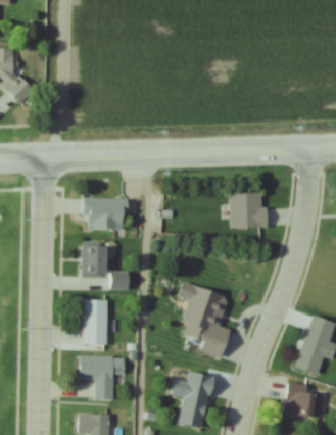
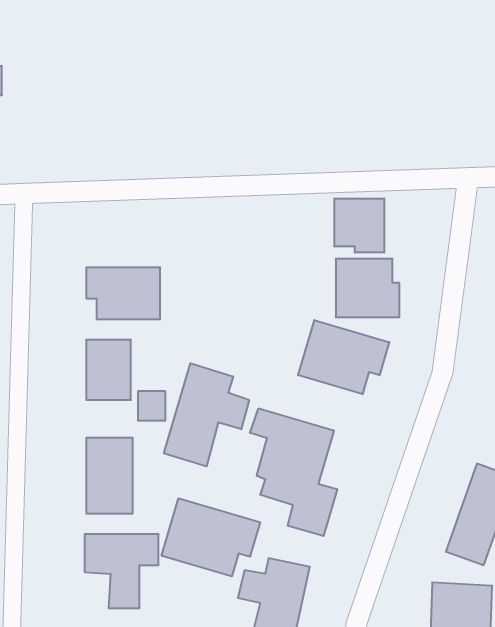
building: none -> [334,198,384,253]
building: none -> [298,320,389,394]
building: none -> [164,363,249,466]
building: none -> [162,498,260,576]

